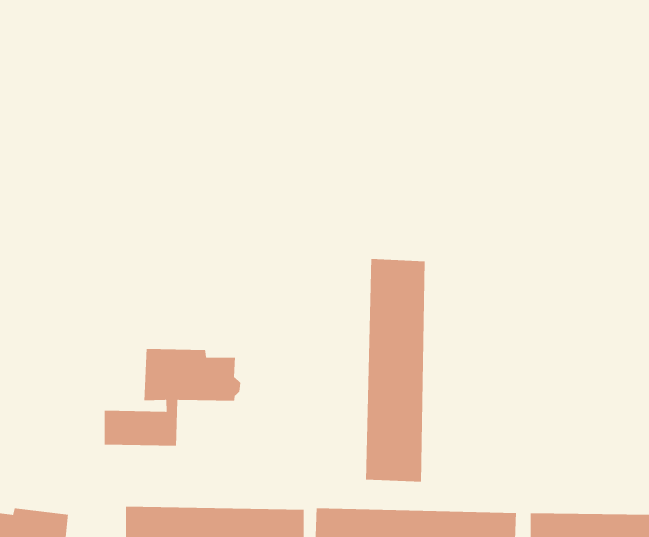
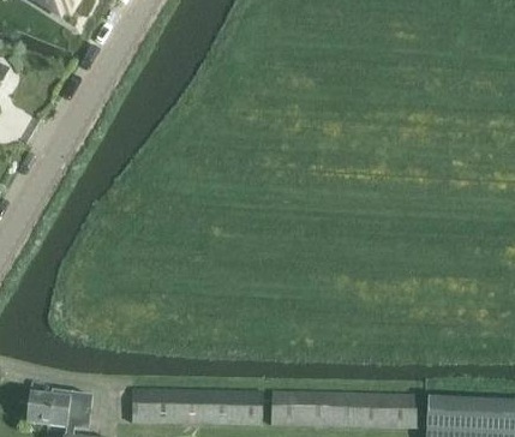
building: [365,258,425,483] -> none
building: [104,348,241,447] -> none

